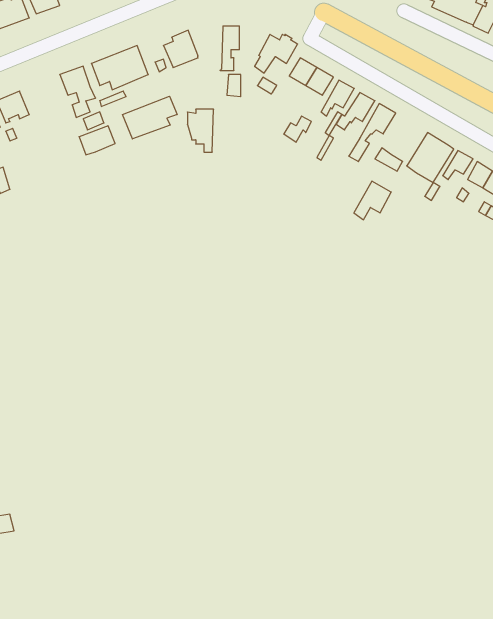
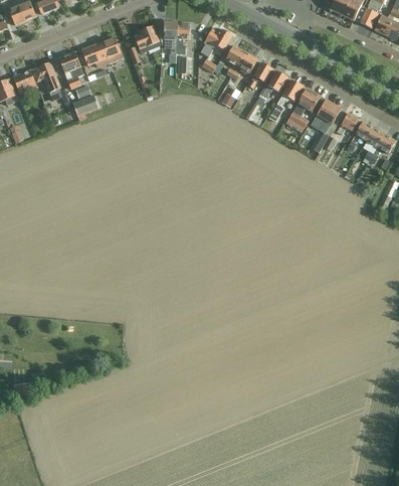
building: none -> [32,61,60,92]
building: [123,96,177,139] -> none
building: [187,109,214,152] -> [158,22,177,53]
building: [354,181,391,220] -> [292,88,320,116]

